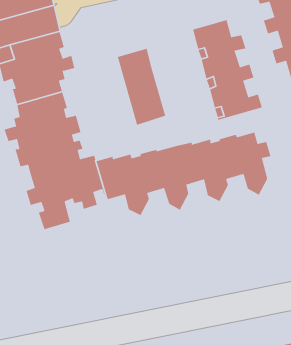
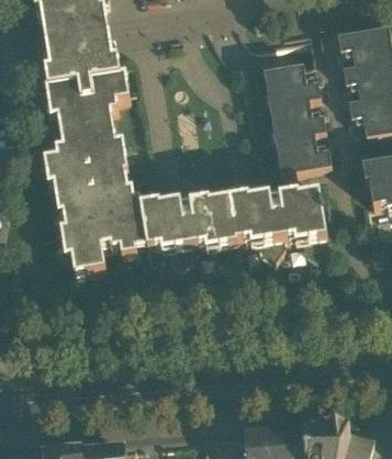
building: [117,48,166,126] -> none

